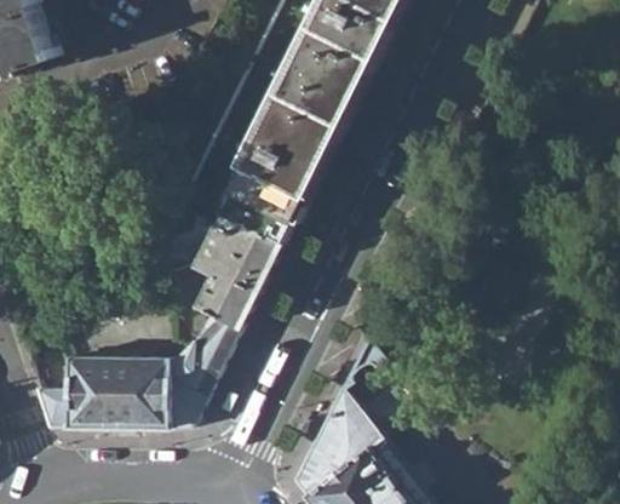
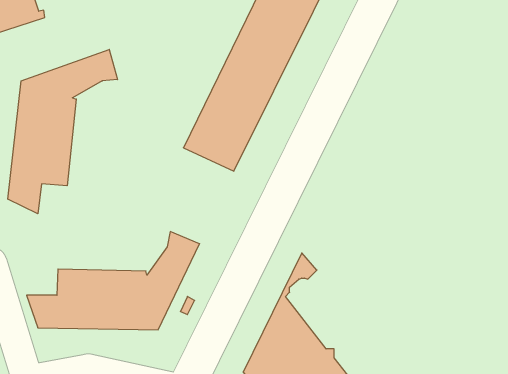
building: none -> [8,49,117,214]
building: [195,210,282,325] -> none

